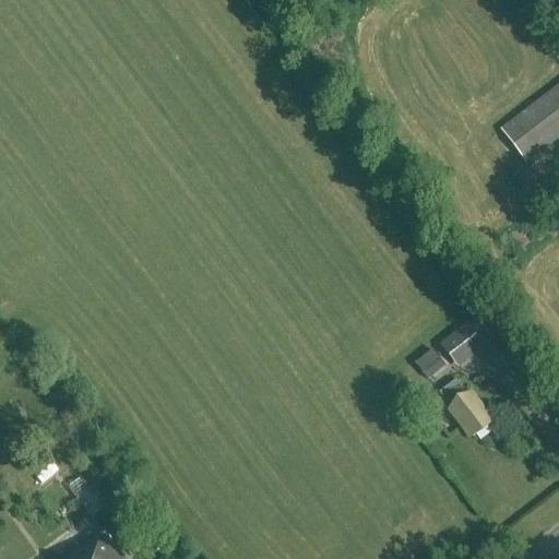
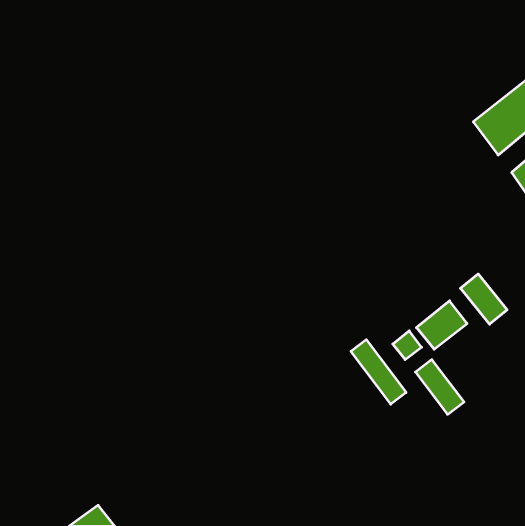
building: none -> [460,274,507,324]
building: none -> [351,340,406,404]

